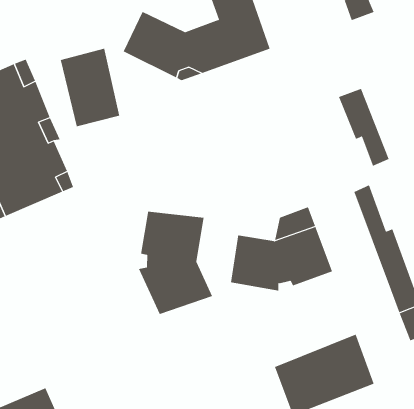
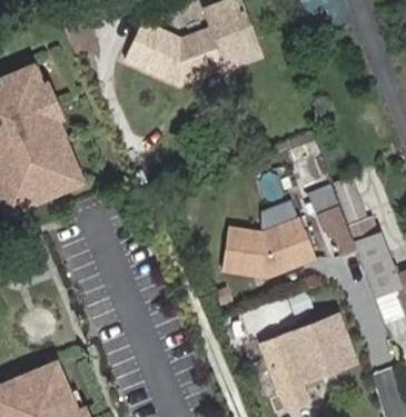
building: [60,48,120,127] -> none
building: [338,88,390,166] -> [308,185,355,256]
building: [138,211,213,315] -> none

